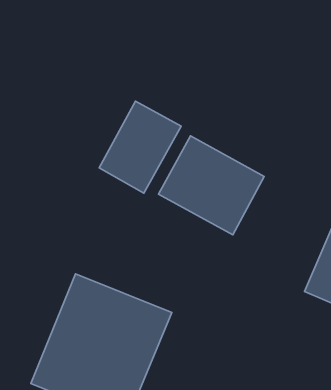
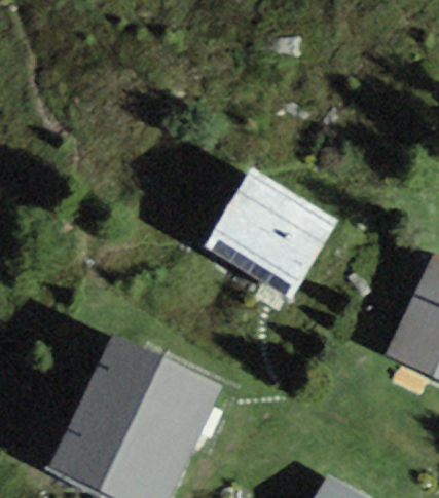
building: [99,101,181,193] -> none

